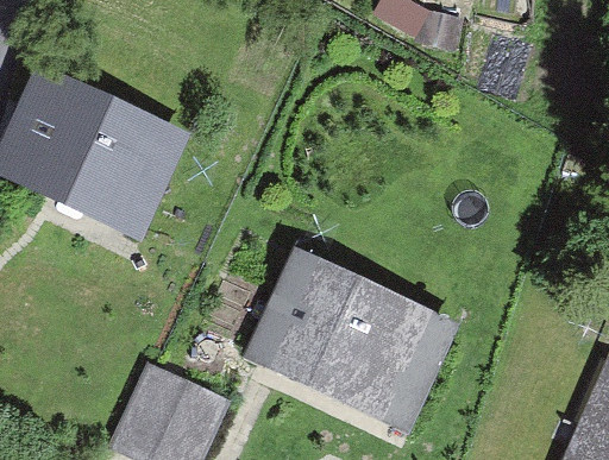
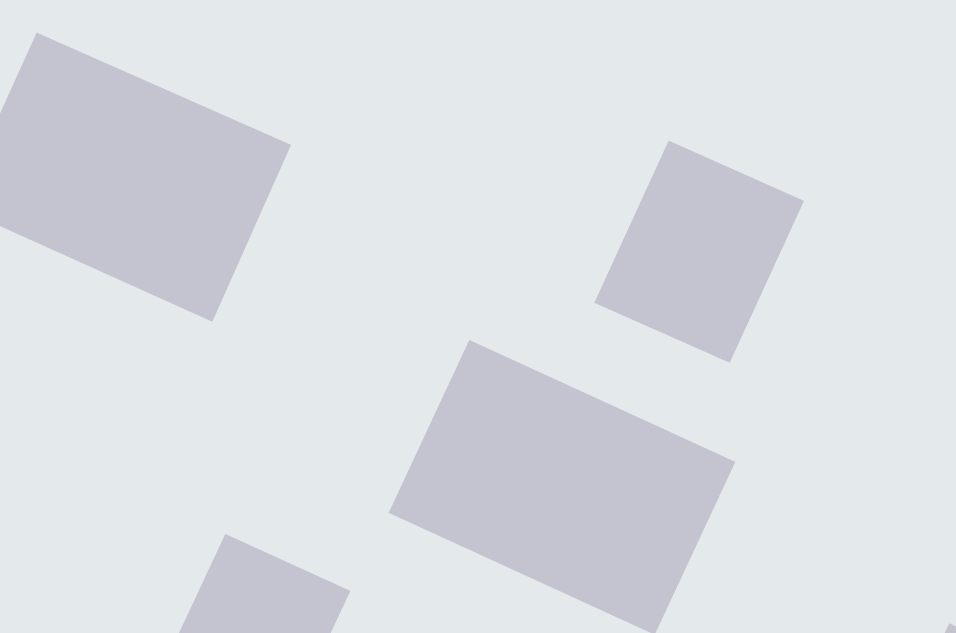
building: none -> [593,140,805,364]

